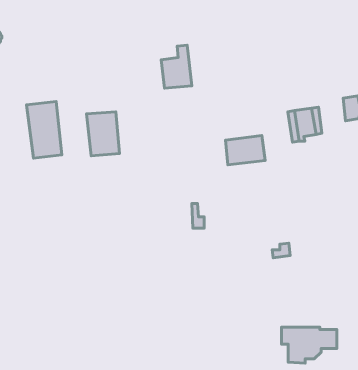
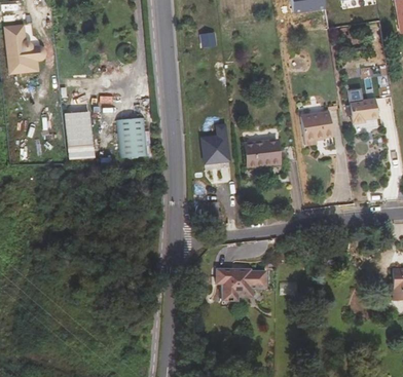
building: [161,45,192,88] -> [203,123,230,162]
building: [282,327,337,363] -> [215,269,265,302]

